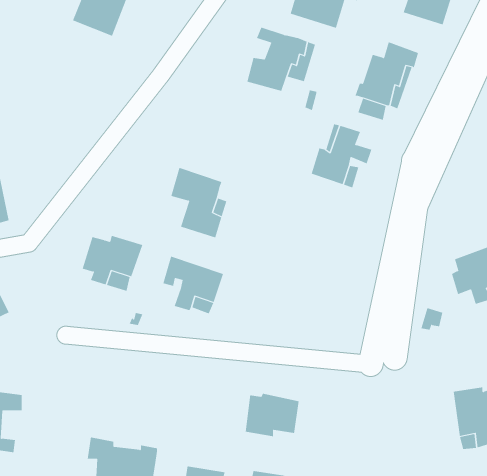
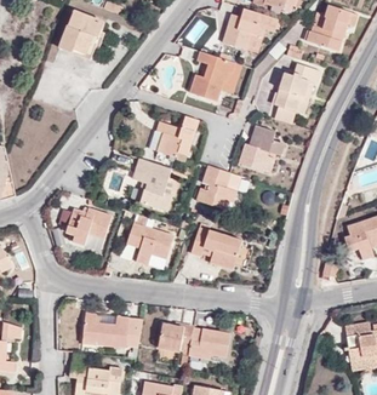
building: none -> [155,116,199,158]
building: none -> [195,166,236,211]
building: none -> [189,228,241,270]
building: none -> [82,313,142,348]
building: none -> [158,322,193,356]

